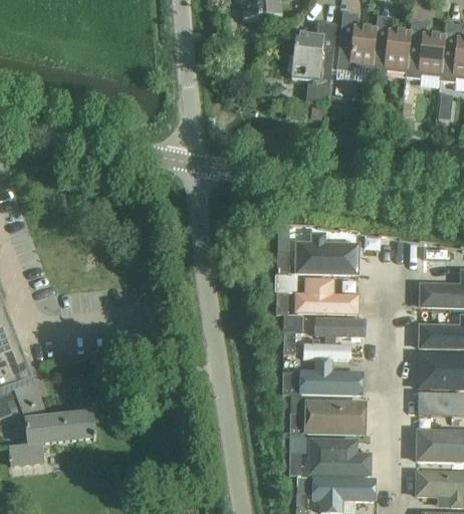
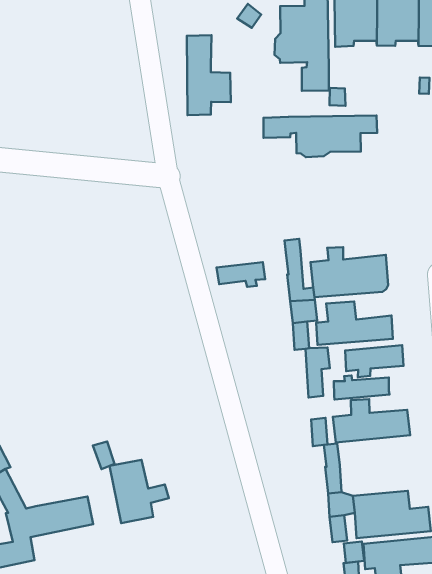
building: none -> [187,35,231,115]
building: none -> [263,115,377,157]
building: none -> [216,262,265,287]
building: none -> [110,460,169,523]
building: [305,402,365,433] -> none

